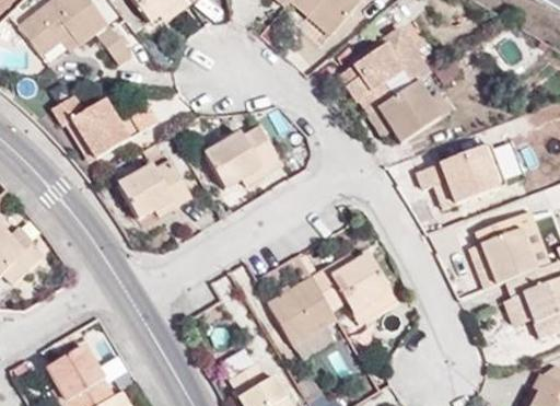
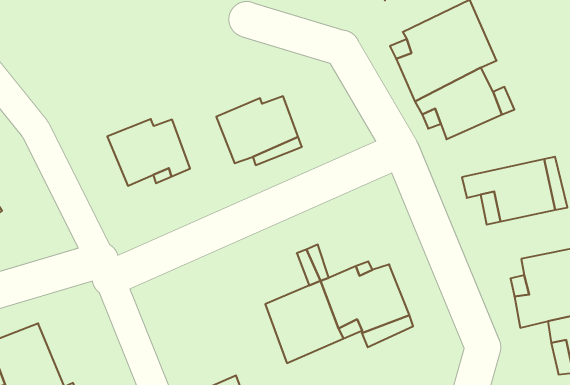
building: [51,95,159,160] -> none

